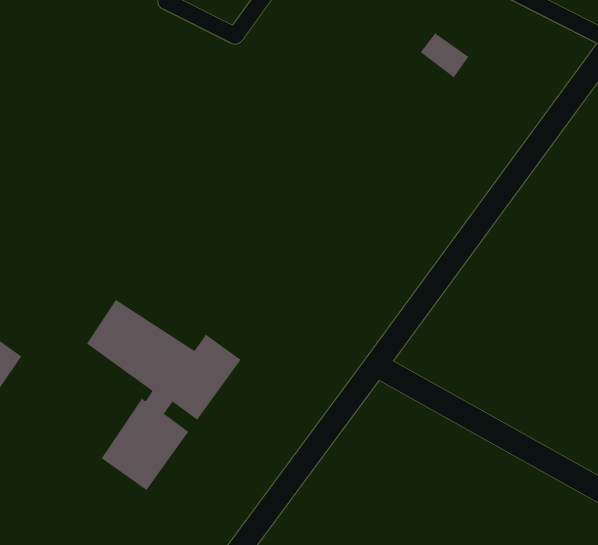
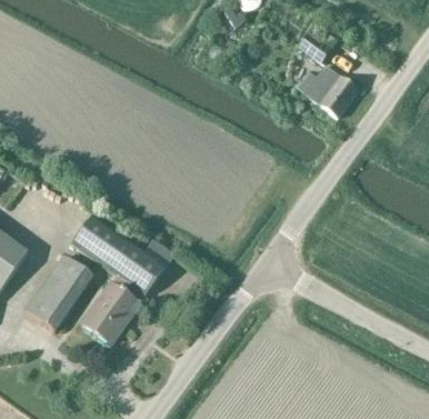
building: none -> [296,63,357,114]
building: none -> [24,253,93,330]

